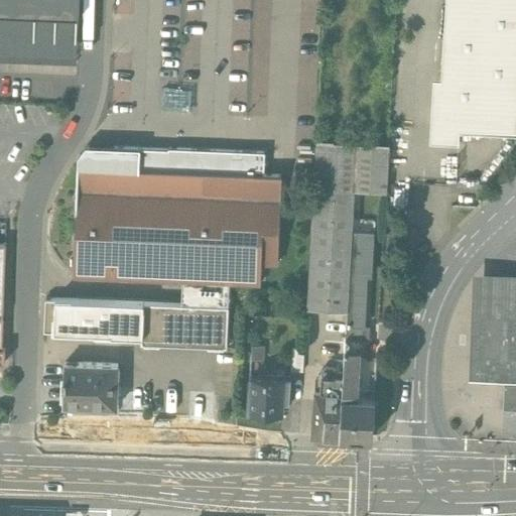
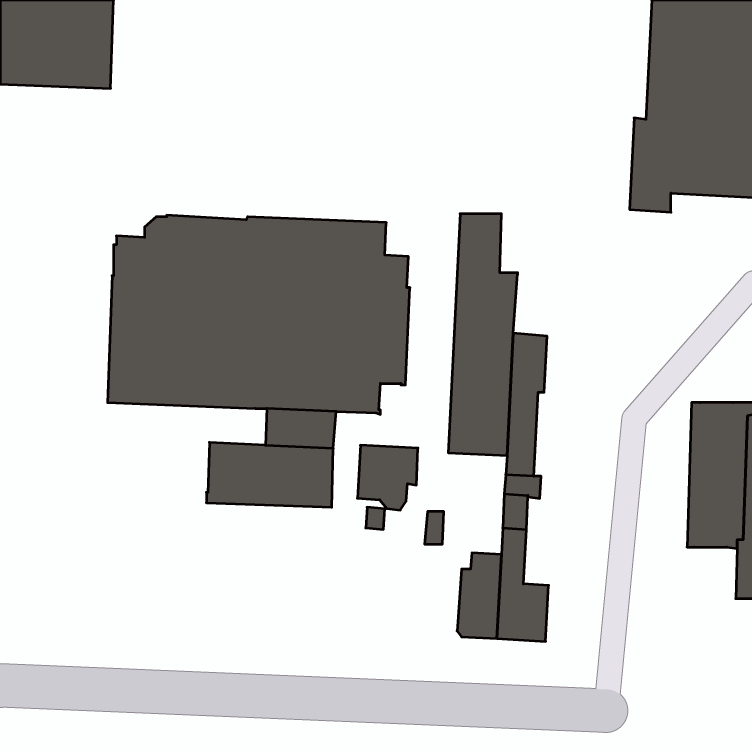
building: [343,147,390,190] -> none
building: [44,299,144,341] -> none
building: [63,364,119,408] -> none
building: [249,378,290,422] -> [357,445,418,510]

